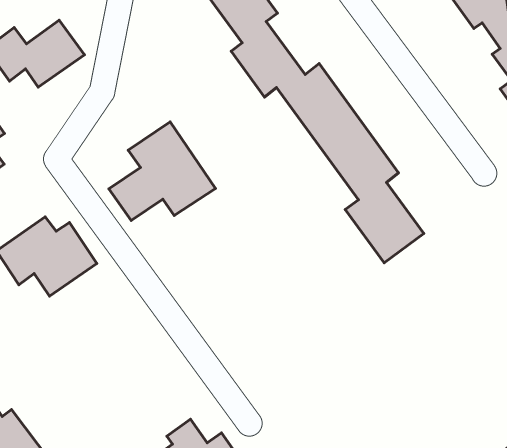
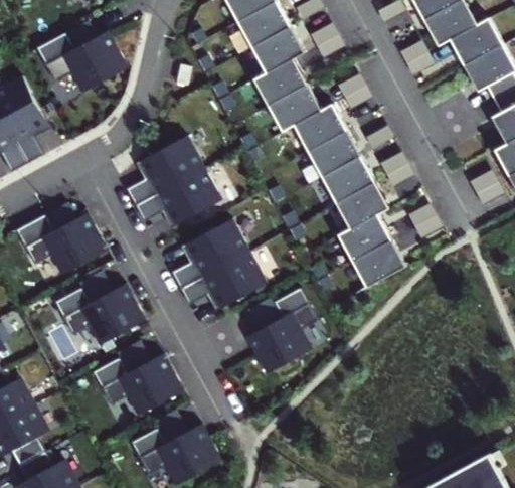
building: none -> [168,223,261,310]
building: none -> [248,291,320,376]
building: none -> [56,267,145,345]
building: none -> [95,336,182,414]

